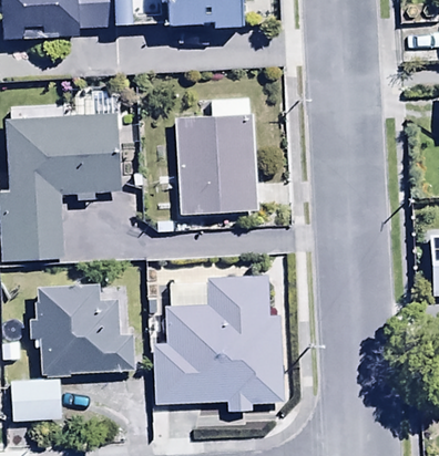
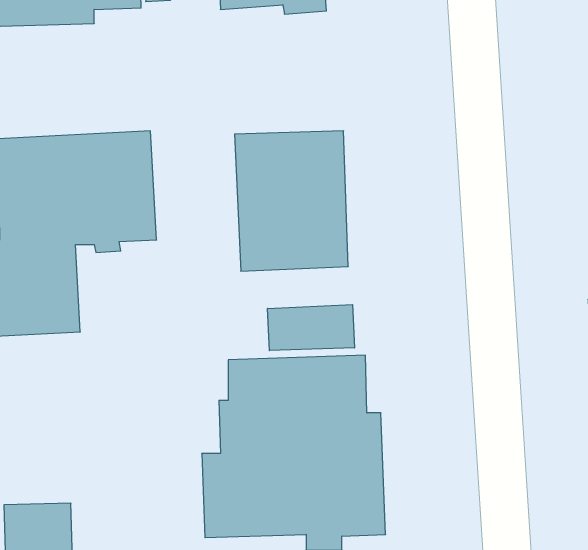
building: none -> [268,305,354,351]
building: [30,283,135,375] -> none

